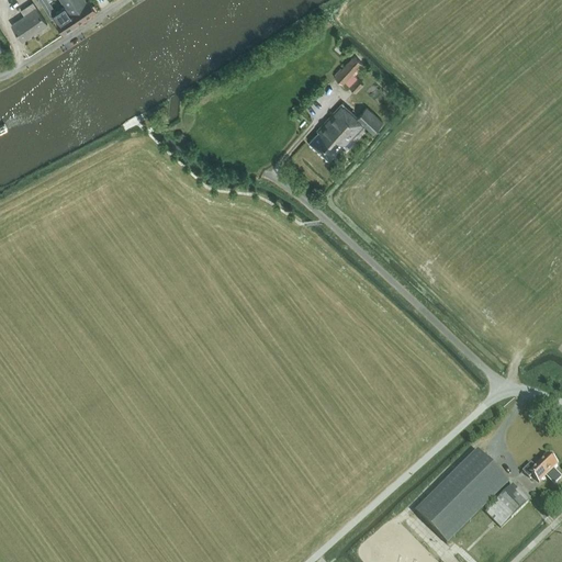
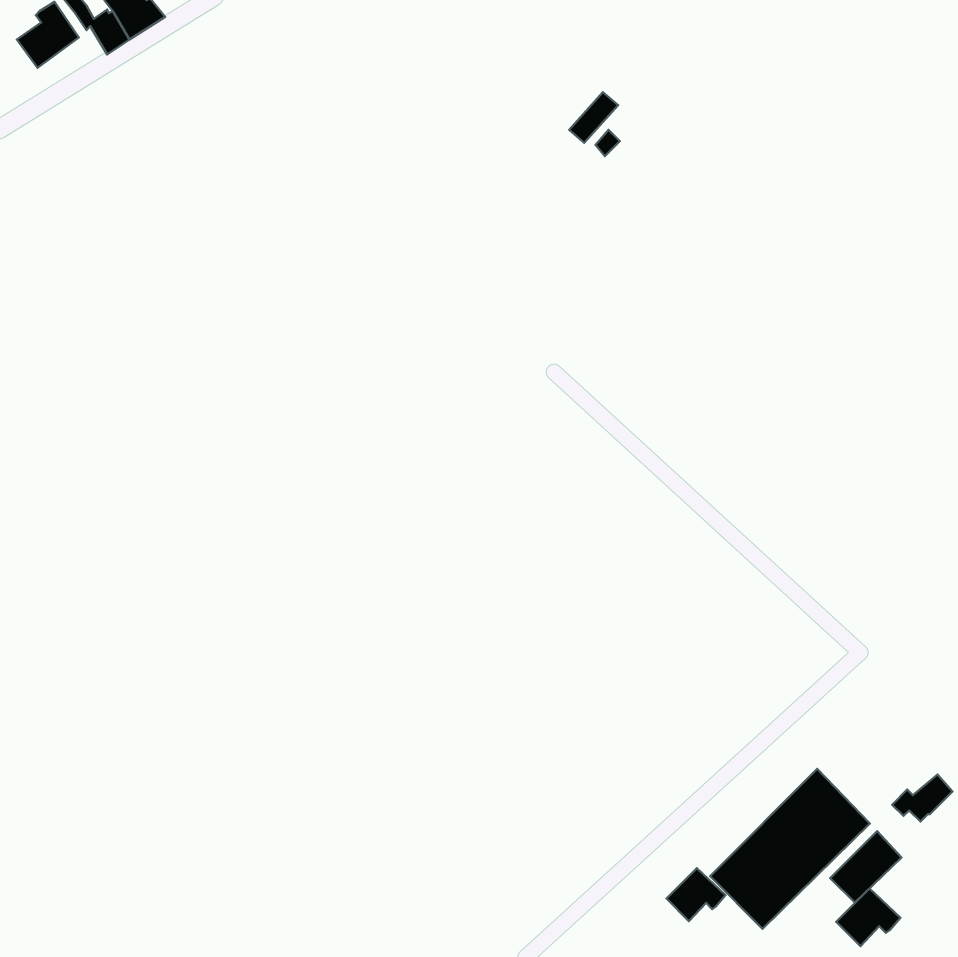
building: [308,101,382,158] -> none
building: none -> [666,868,725,921]
building: none -> [836,888,900,946]

